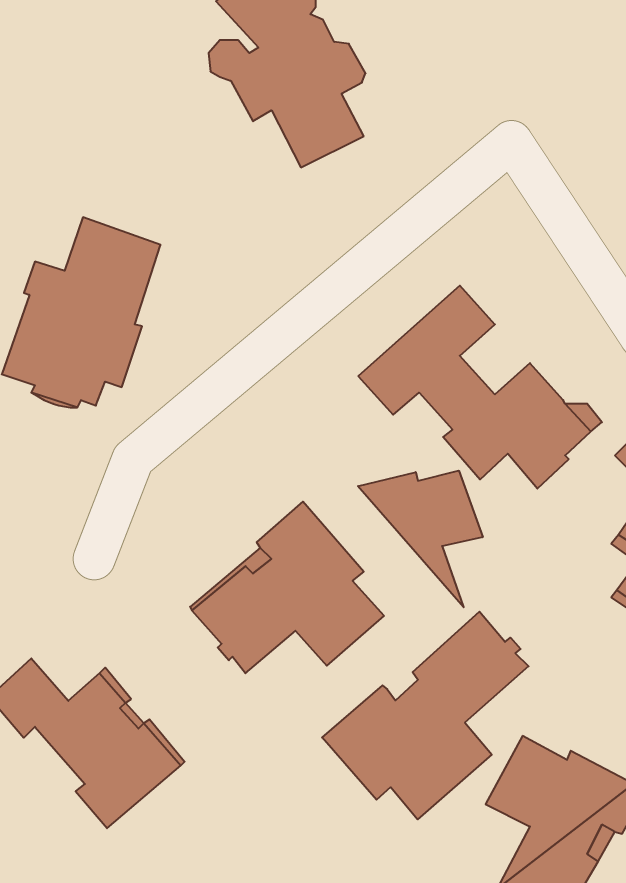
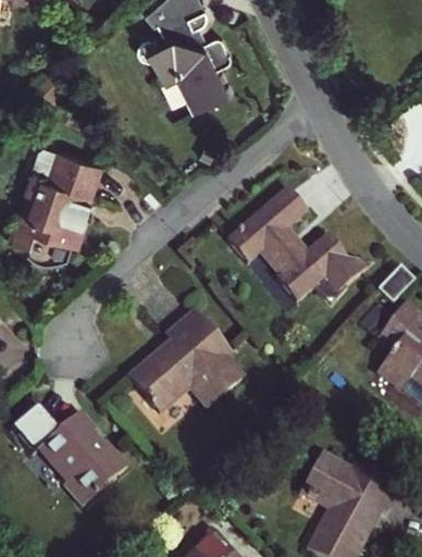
building: [358,471,483,607] -> none
building: [322,612,529,819] -> none

